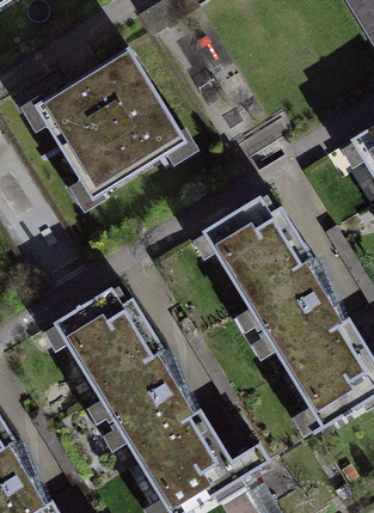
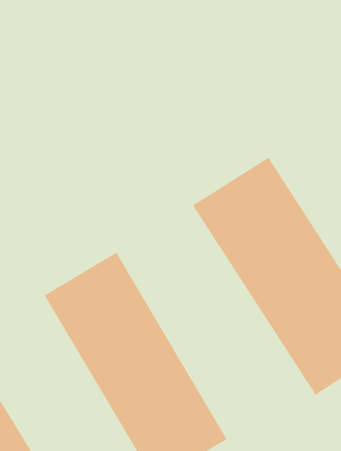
building: [44,48,188,189] -> none

